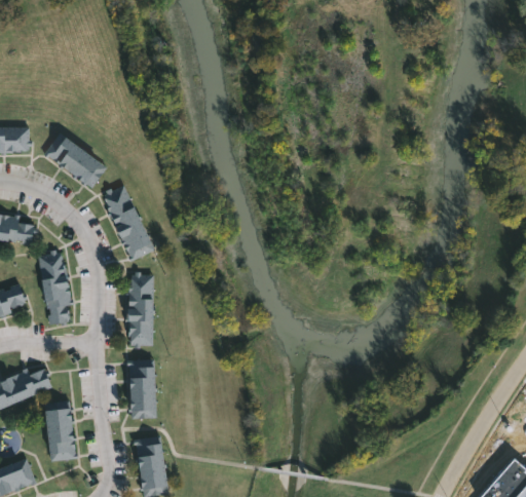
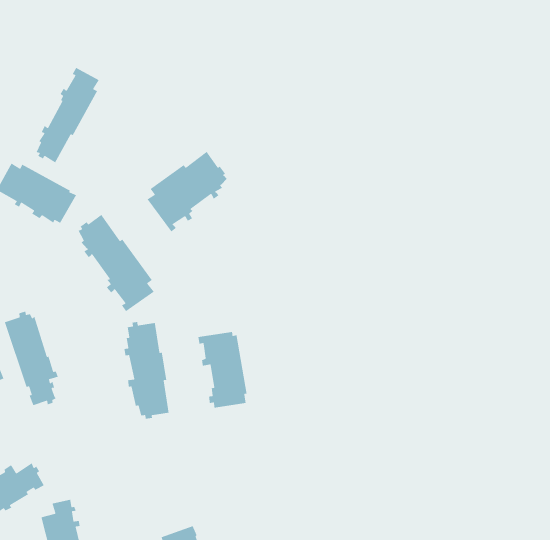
building: none -> [36,67,100,163]
building: none -> [146,151,227,232]
building: [125,360,157,418] -> [198,331,248,408]

